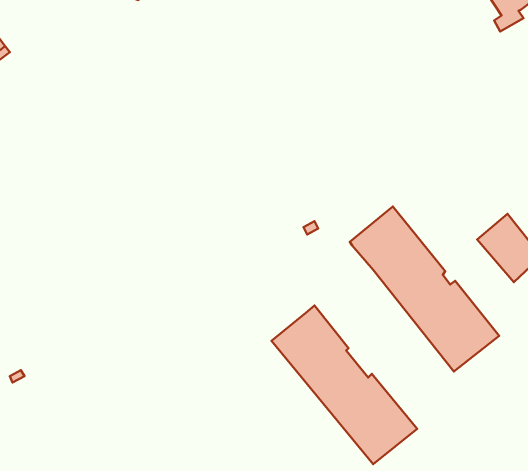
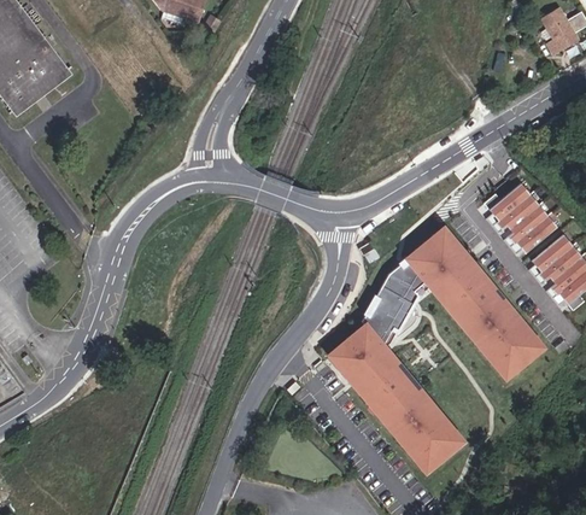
building: none -> [485,181,552,250]
building: none -> [361,263,427,345]

